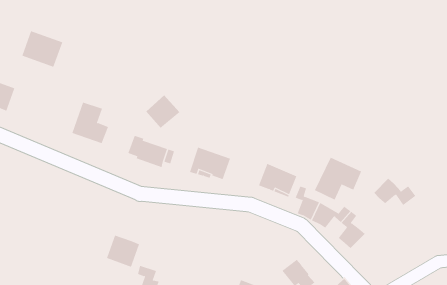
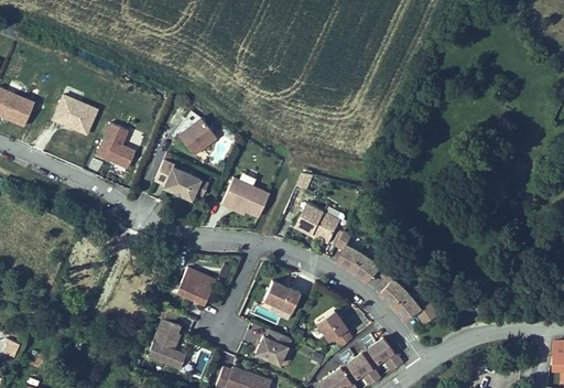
building: [21,30,63,68] -> [51,94,98,137]
building: [314,157,362,201] -> none
building: [373,178,416,206] -> [395,289,443,321]
building: none -> [262,274,300,317]
building: [106,235,140,268] -> [177,270,216,308]

